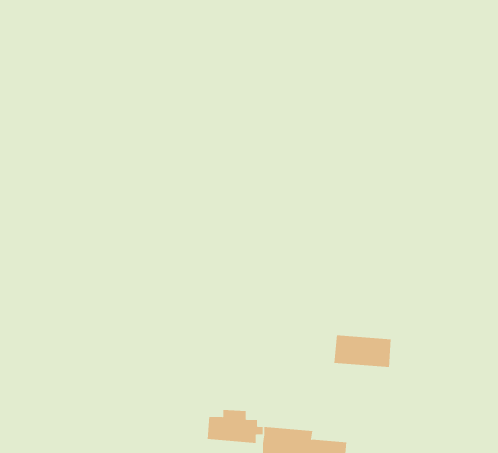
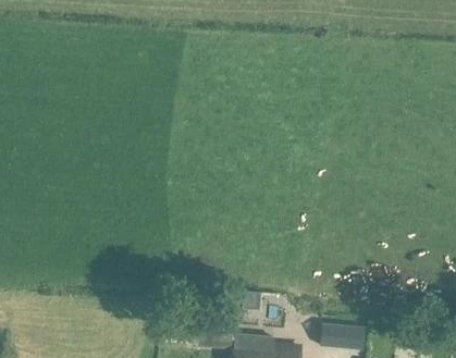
building: [333,335,391,368] -> [319,324,363,349]

